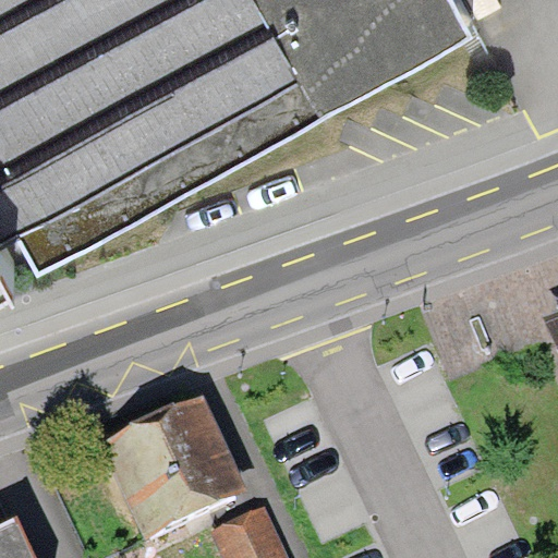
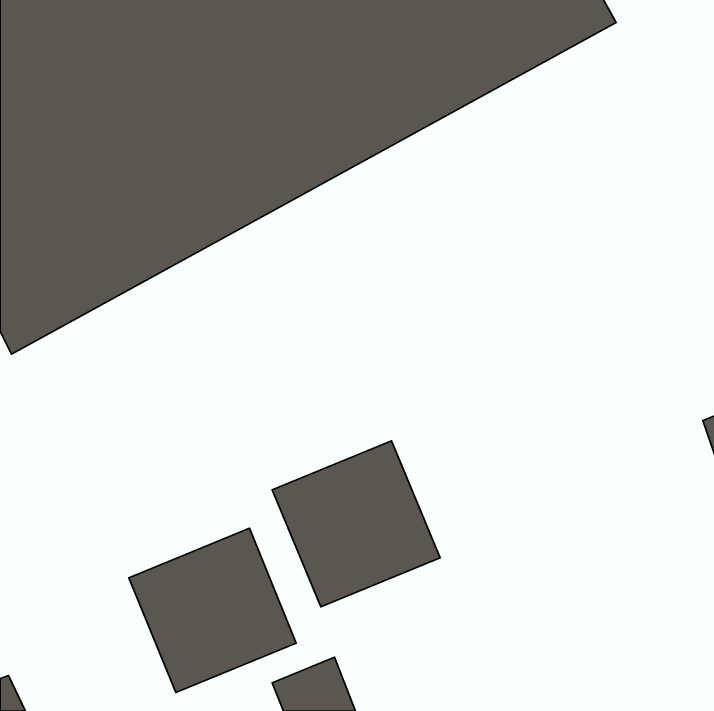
building: none -> [272,441,440,607]

